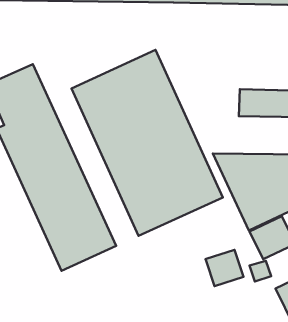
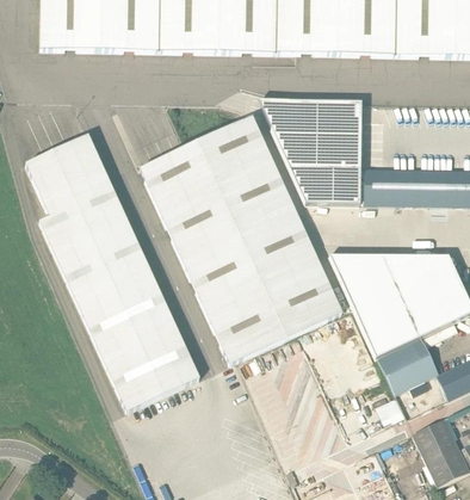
building: none -> [260,106,365,205]
building: [206,250,244,286] -> none

